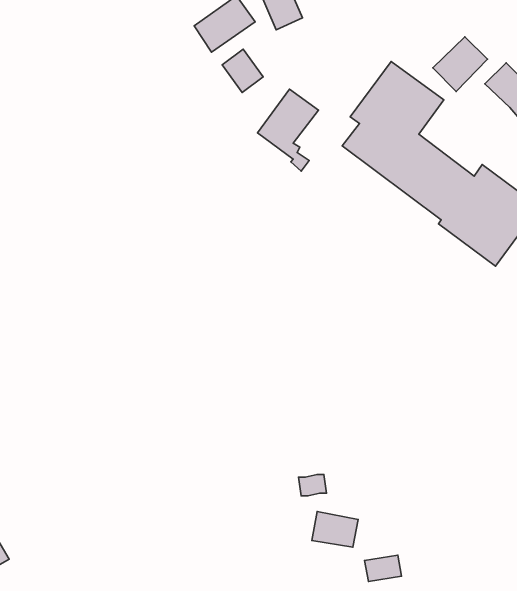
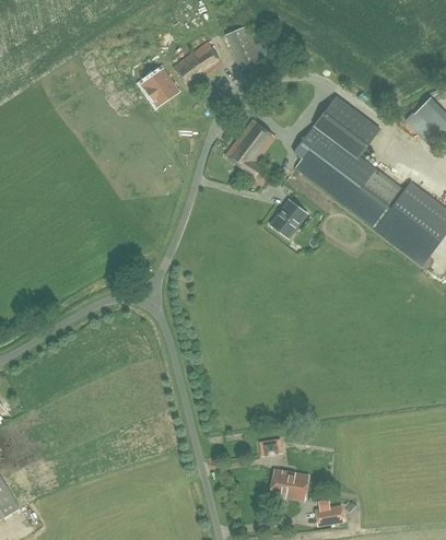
building: [433,37,488,91] -> none
building: [222,49,263,93] -> [142,70,176,106]
building: none -> [270,200,307,234]

